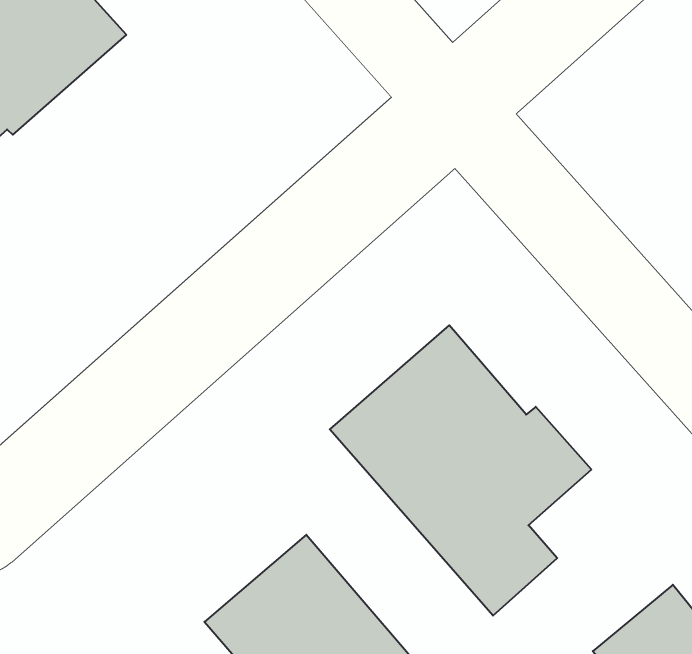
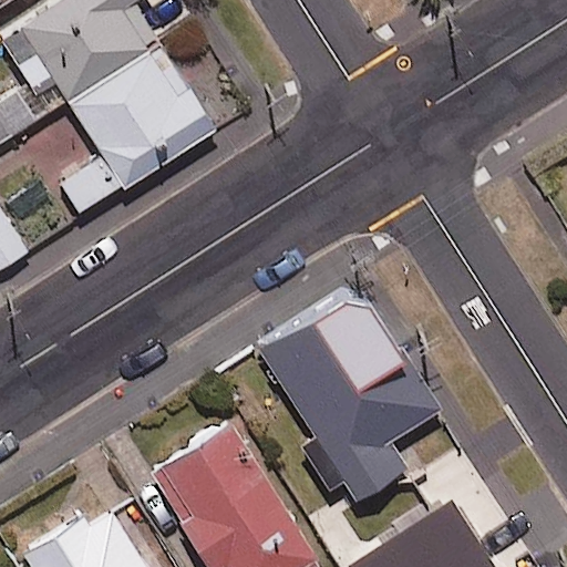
building: none -> [59,50,213,214]

